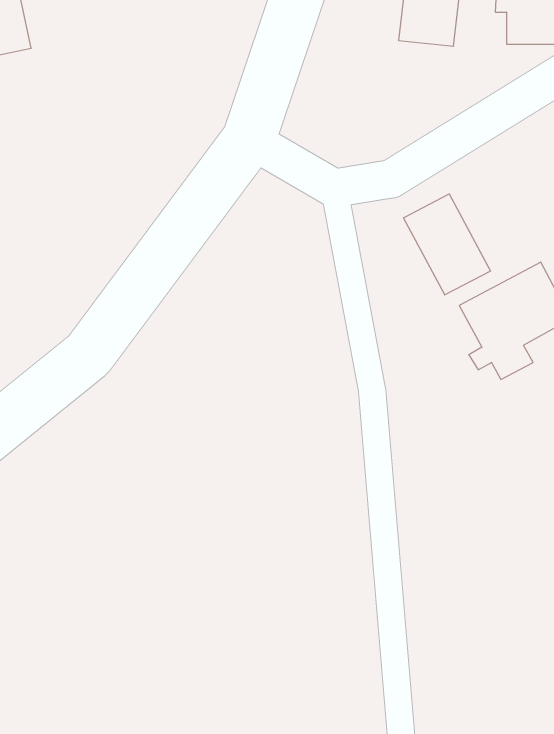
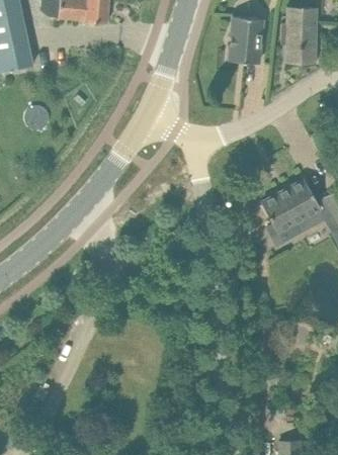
building: [404,194,491,295] -> none

